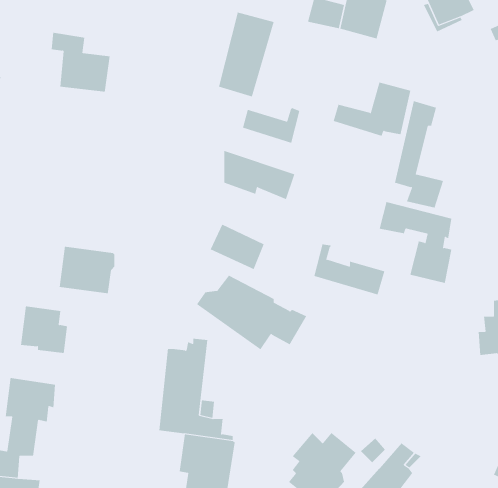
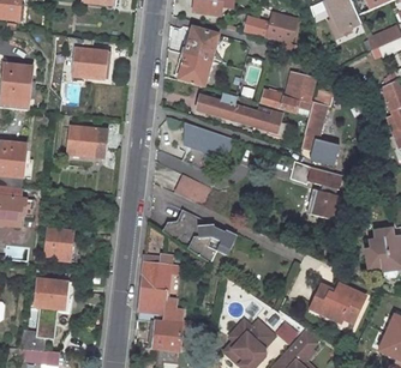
building: [313,244,385,295] -> [233,93,283,129]
building: [59,246,115,294] -> [66,127,106,161]
building: none -> [310,279,370,324]

